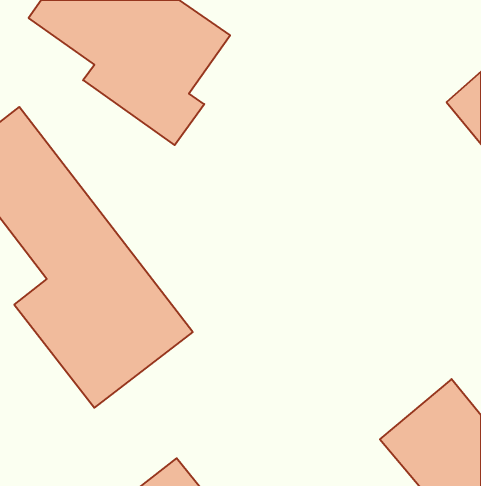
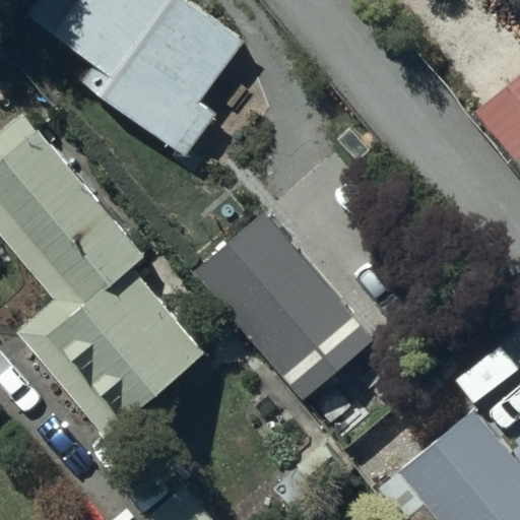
building: none -> [200,215,362,385]

